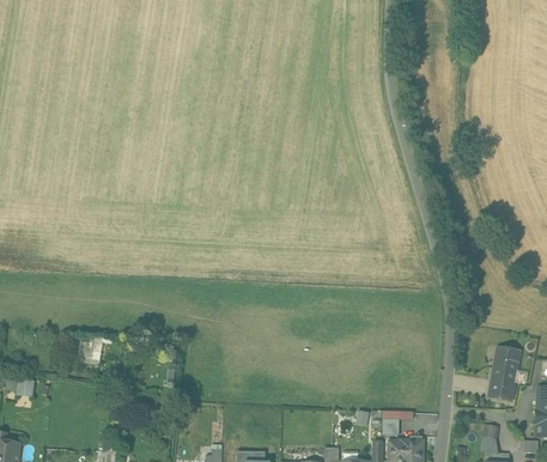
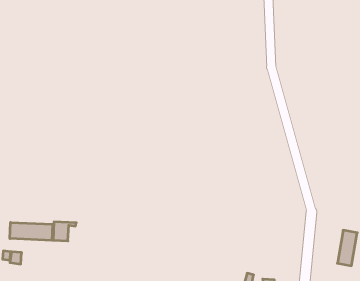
building: none -> [10,222,53,240]

